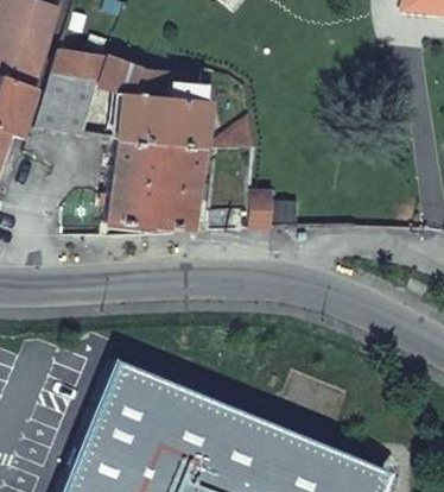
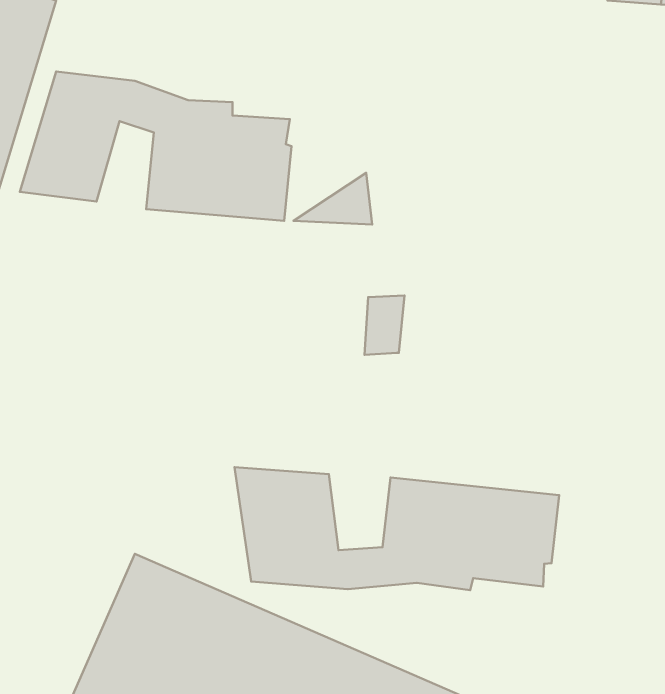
building: [108,140,204,232] -> none
building: none -> [235,467,559,590]

